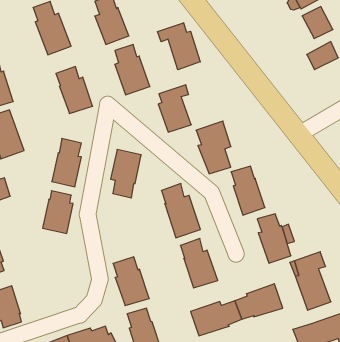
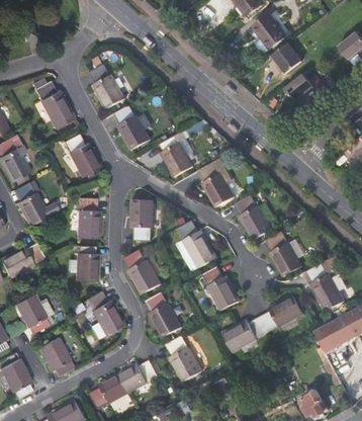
building: [157,23,200,70] -> none
building: none -> [125,251,160,294]
building: none -> [89,291,124,333]

